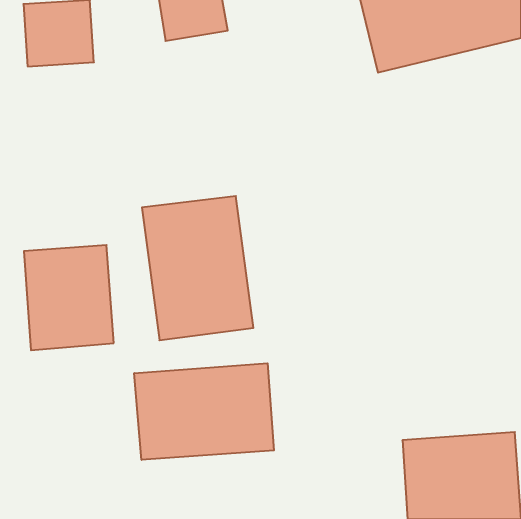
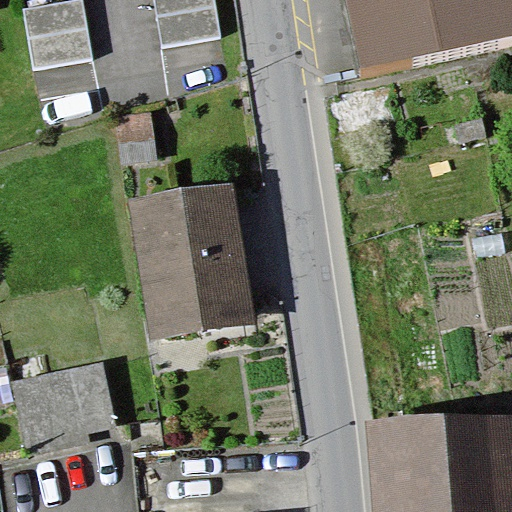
building: [24,245,114,350] -> [19,347,107,450]
building: [134,363,274,460] -> none

